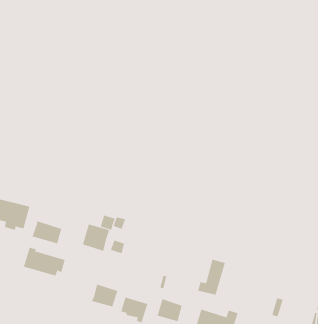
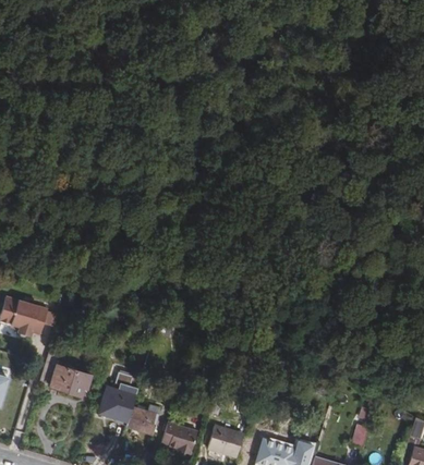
building: [32,220,62,244] -> none
building: [82,224,110,251] -> [100,387,135,421]
building: [198,259,225,296] -> none

